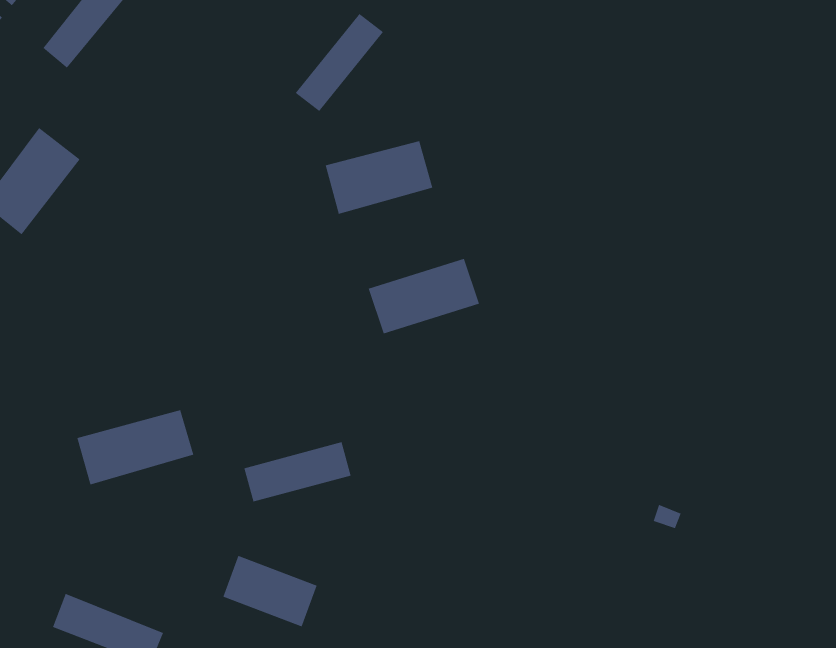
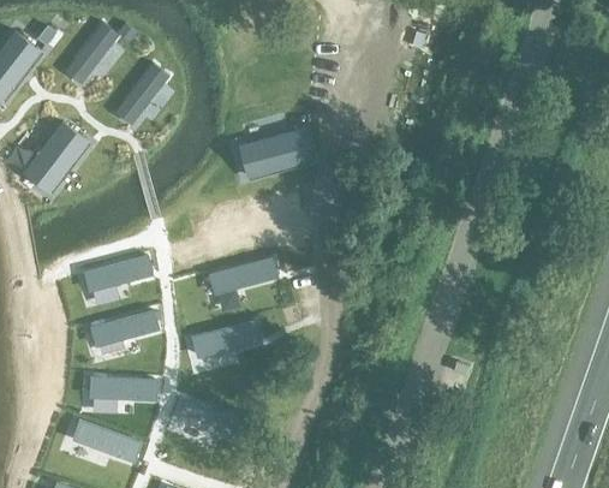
building: [295,13,384,112] -> [114,64,171,126]
building: [368,258,480,334] -> [205,250,276,298]
building: none -> [79,249,153,294]
building: none -> [89,376,156,401]

